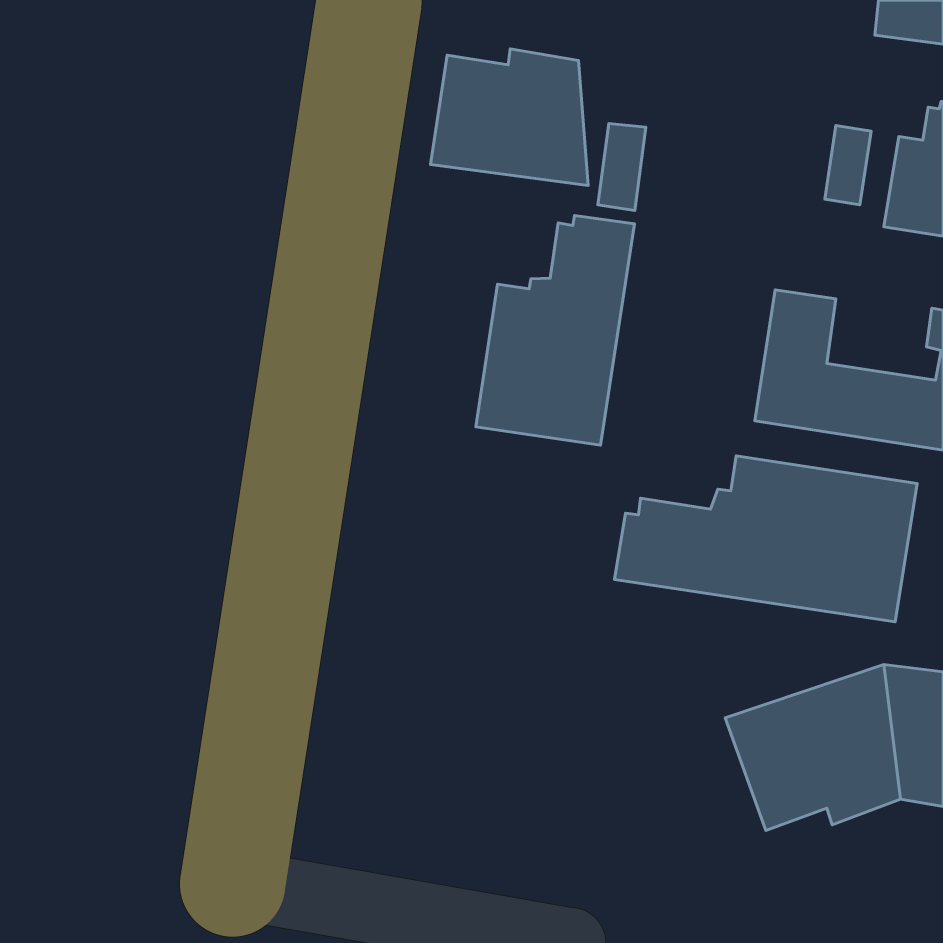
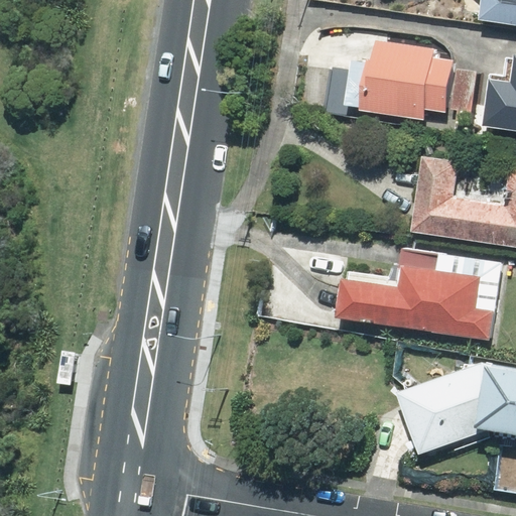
building: [430,49,588,186] -> none
building: none -> [351,39,455,120]
building: [476,215,635,445] -> none

